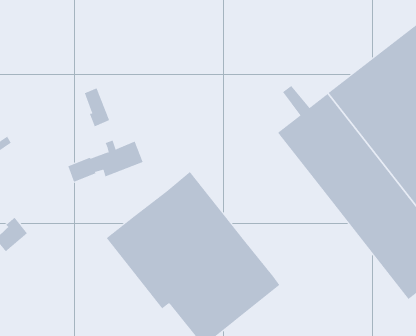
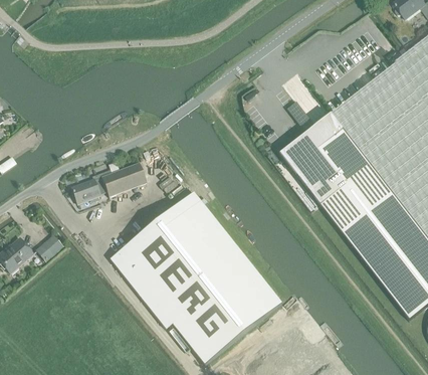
building: [84,87,110,127] -> none
building: none -> [35,233,63,260]

